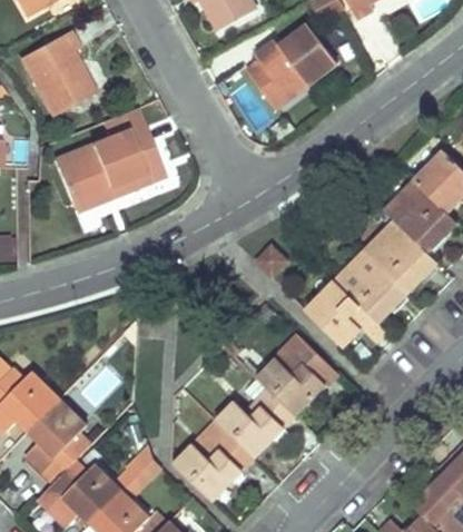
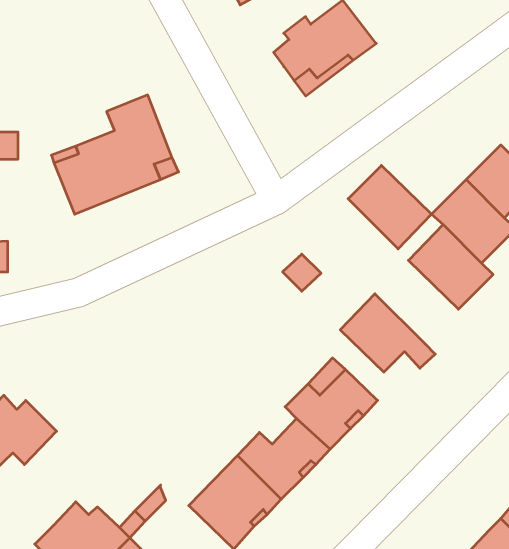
building: [22,30,95,115] -> none
building: [335,250,407,323] -> [348,165,431,249]
building: [27,398,91,481] -> none

